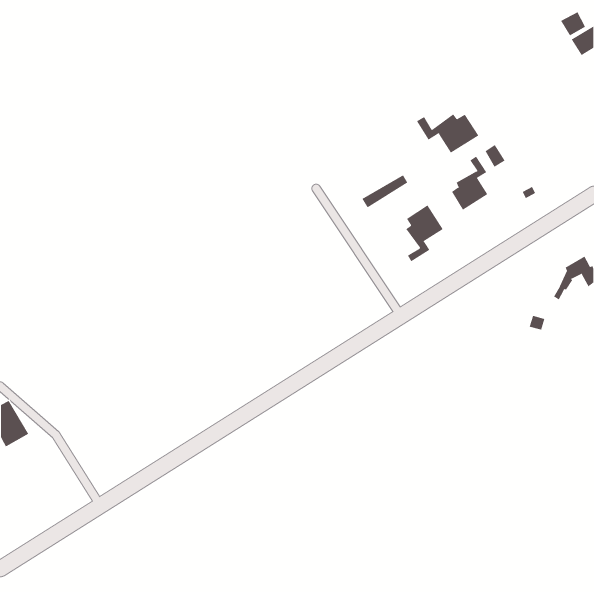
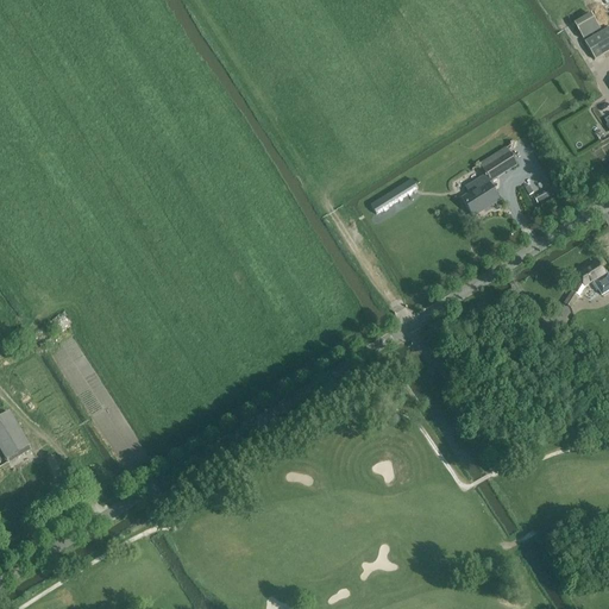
building: [416,114,479,154] -> none
building: [406,205,443,262] -> none

